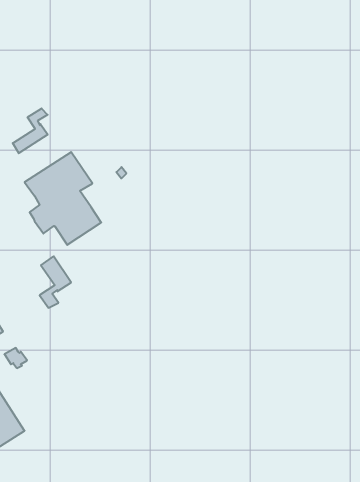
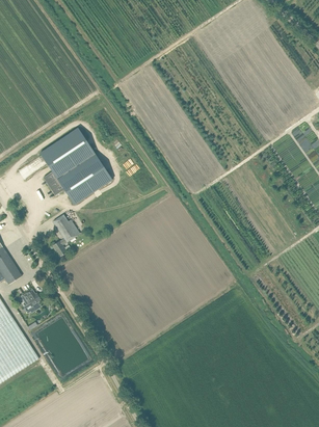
building: [13,108,48,153] -> none

